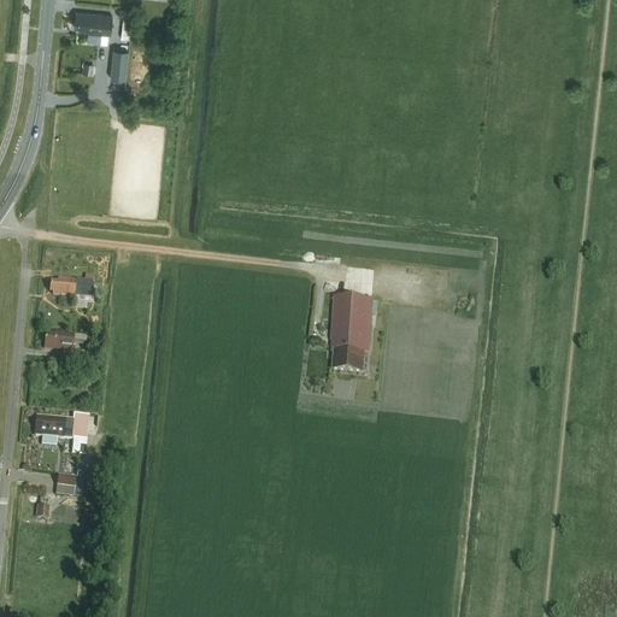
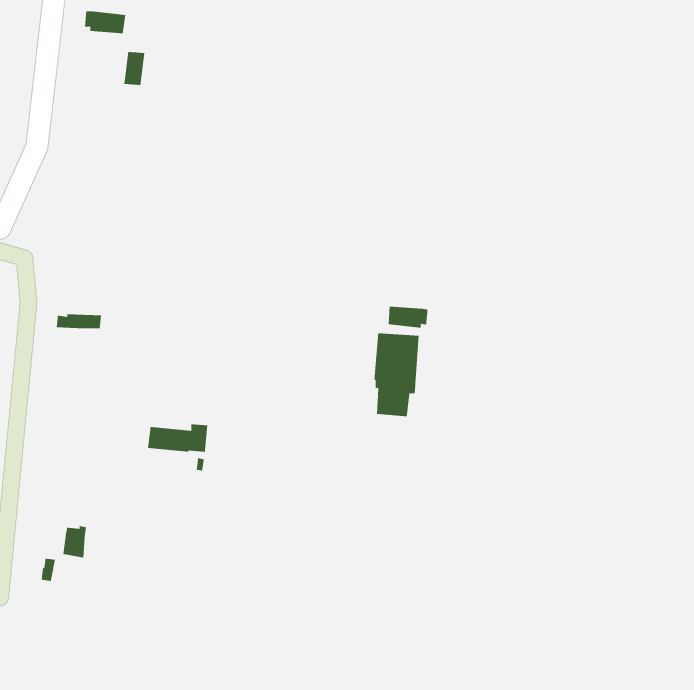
building: none -> [388,306,428,328]
building: [45,333,94,349] -> none
building: [35,412,89,454] -> [147,424,208,471]

